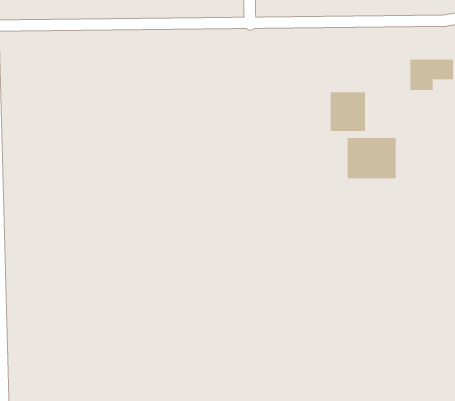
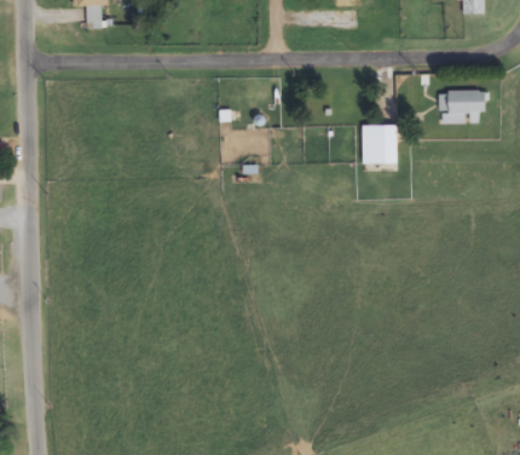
building: [347,137,396,179] -> none

